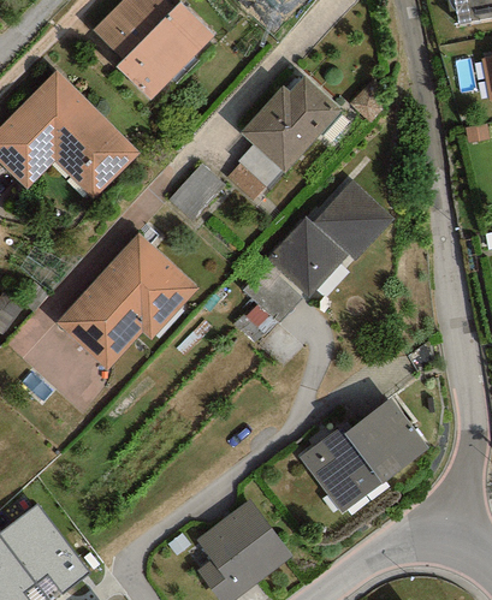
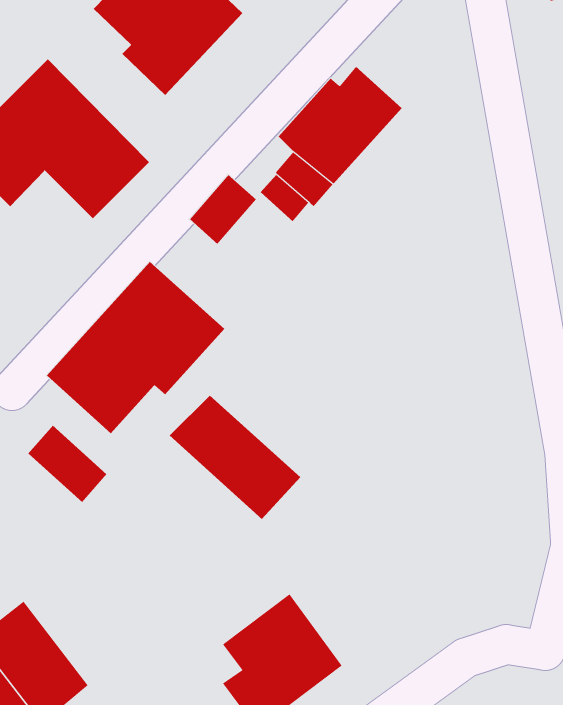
building: [266,179,393,297] -> none
building: none -> [169,395,301,520]
building: none -> [28,425,107,503]
building: [298,397,428,513] -> none

